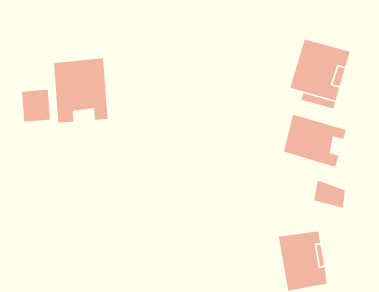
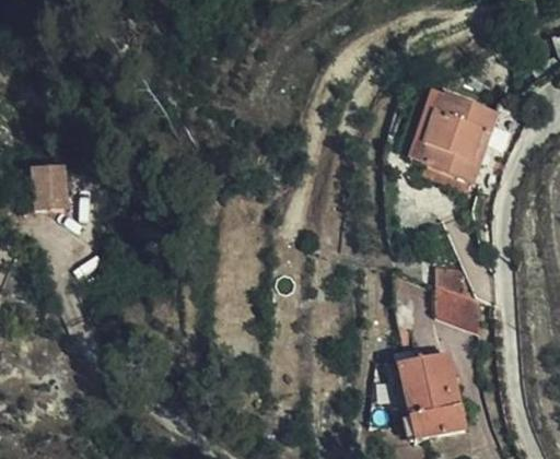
building: [53,58,109,123] -> none
building: [283,114,347,168] -> none

